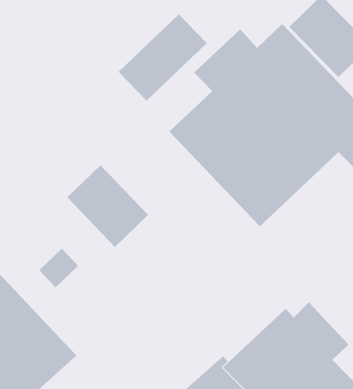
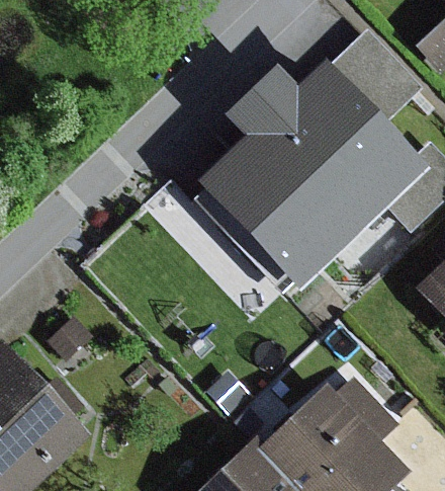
building: [118,14,207,101] -> none
building: [67,164,149,248] -> none

